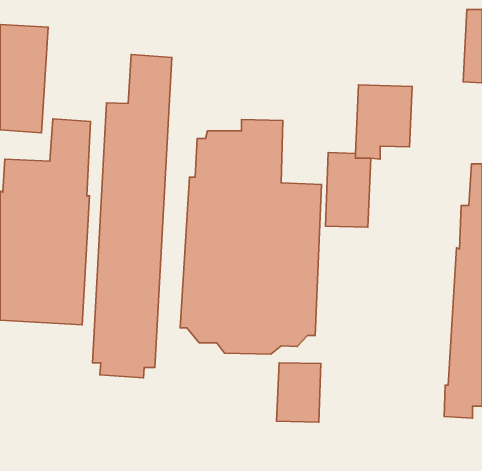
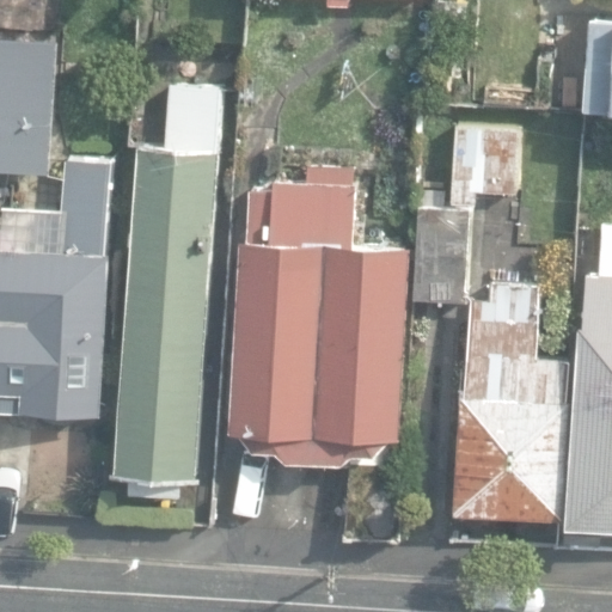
building: none -> [460,283,559,519]

